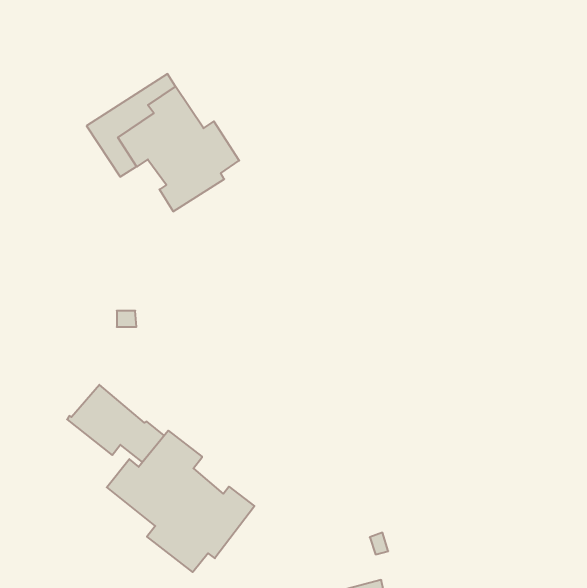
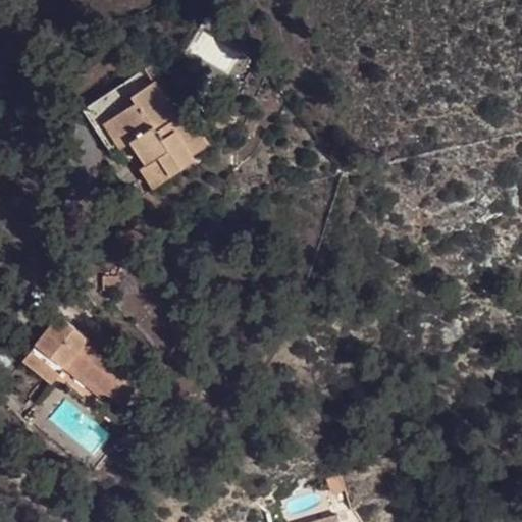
building: none -> [19,315,88,385]
building: [107,431,254,572] -> none

